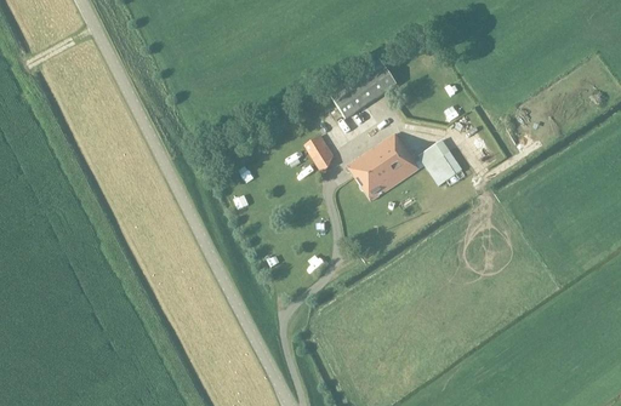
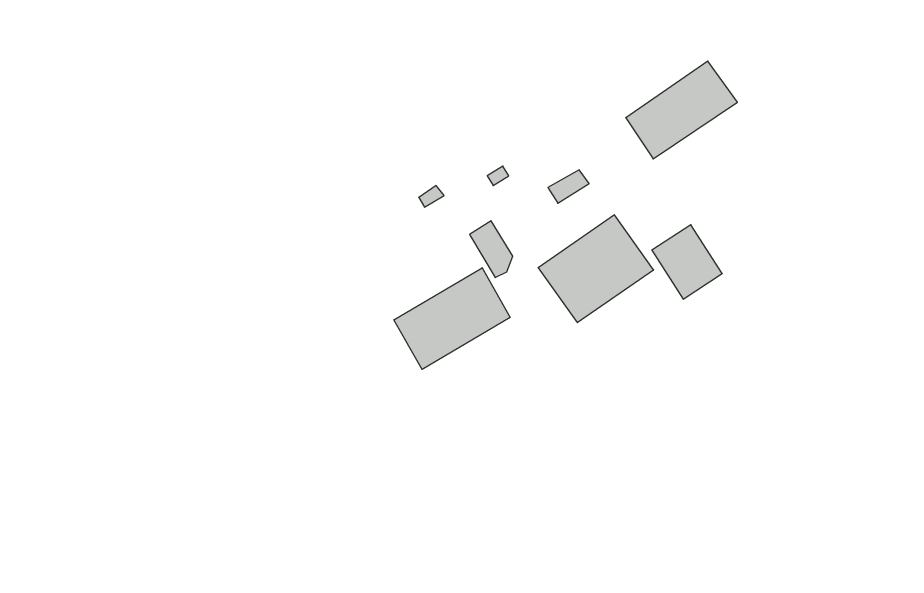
building: [329,58,398,119] -> [626,61,737,159]
building: none -> [394,268,510,369]

